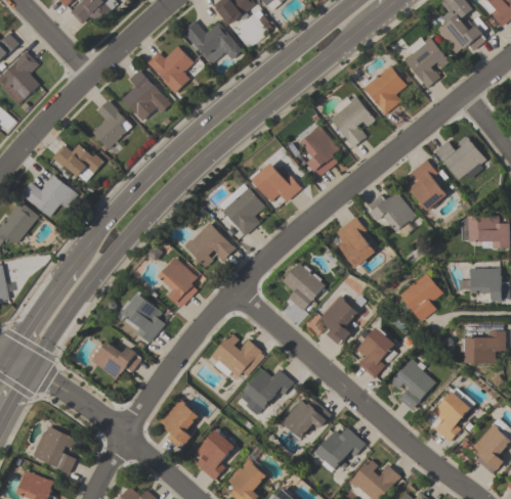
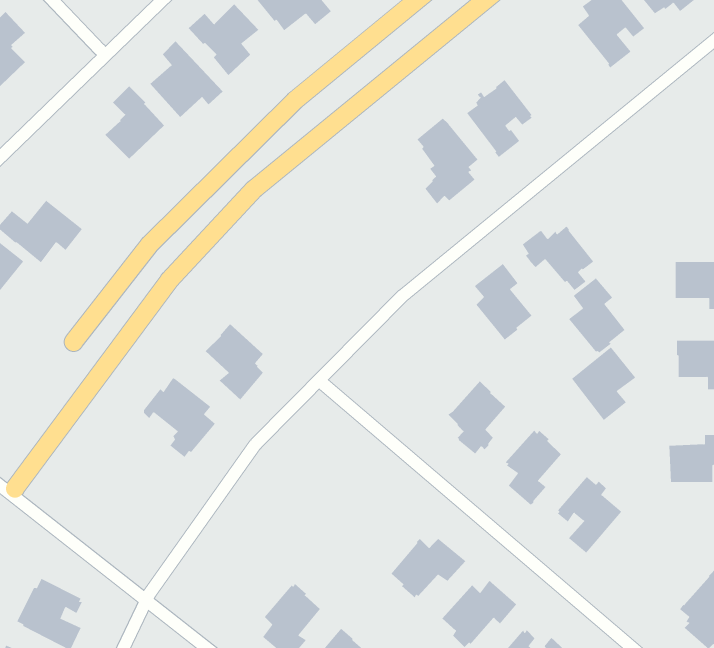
building: [360,64,407,114] -> none
building: [434,136,485,179] -> none
building: [51,143,103,176] -> none
building: [408,160,445,210] -> [568,277,625,353]
building: [252,163,302,201] -> none
building: [219,183,265,236] -> none
building: [183,222,235,267] -> none
building: [282,262,325,310] -> none
building: [207,333,264,376] -> none
building: [91,341,141,379] -> none
building: [239,369,293,415] -> none
building: [433,387,470,442] -> none
building: [160,398,199,448] -> none

